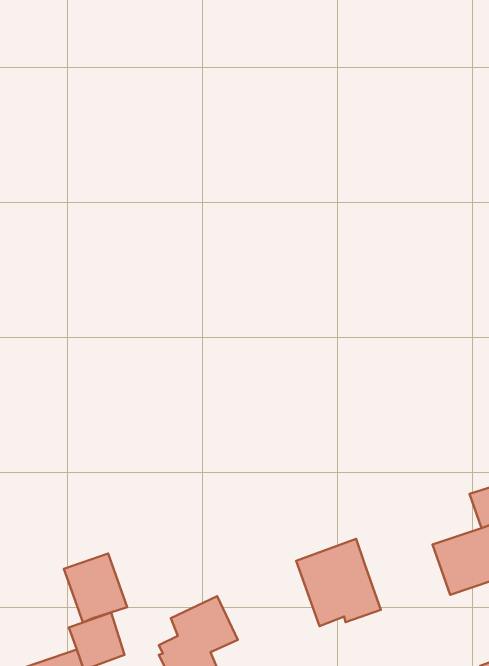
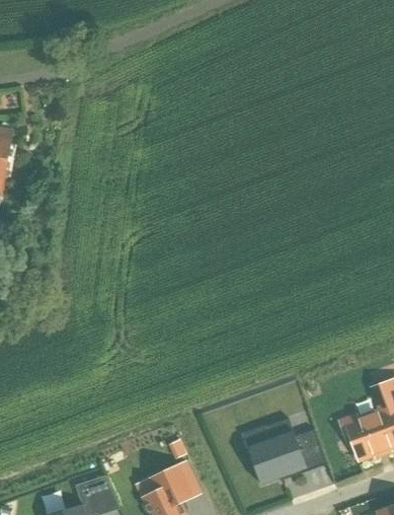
building: [64,553,127,623] -> none
building: none -> [294,430,324,471]

